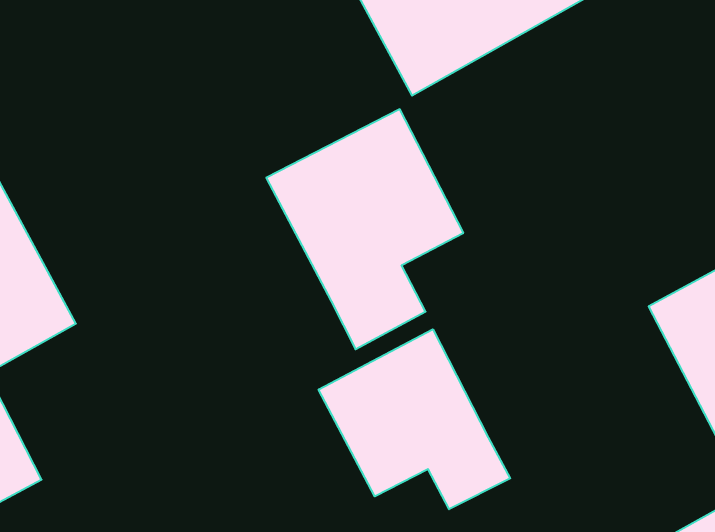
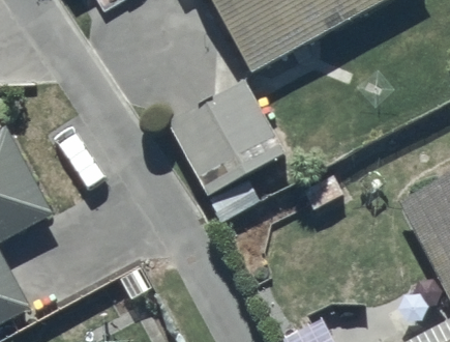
building: [319,329,510,509] -> none

